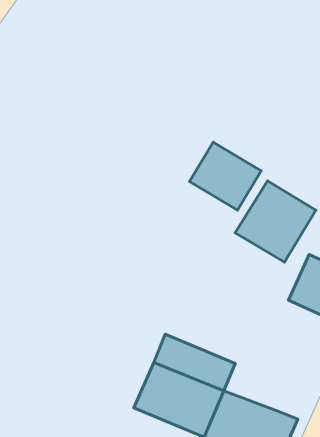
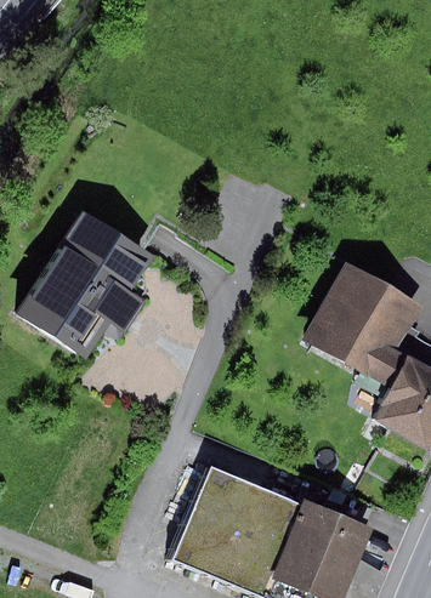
building: [189,142,261,210] -> none
building: none -> [22,223,136,346]
building: none -> [291,501,376,563]

